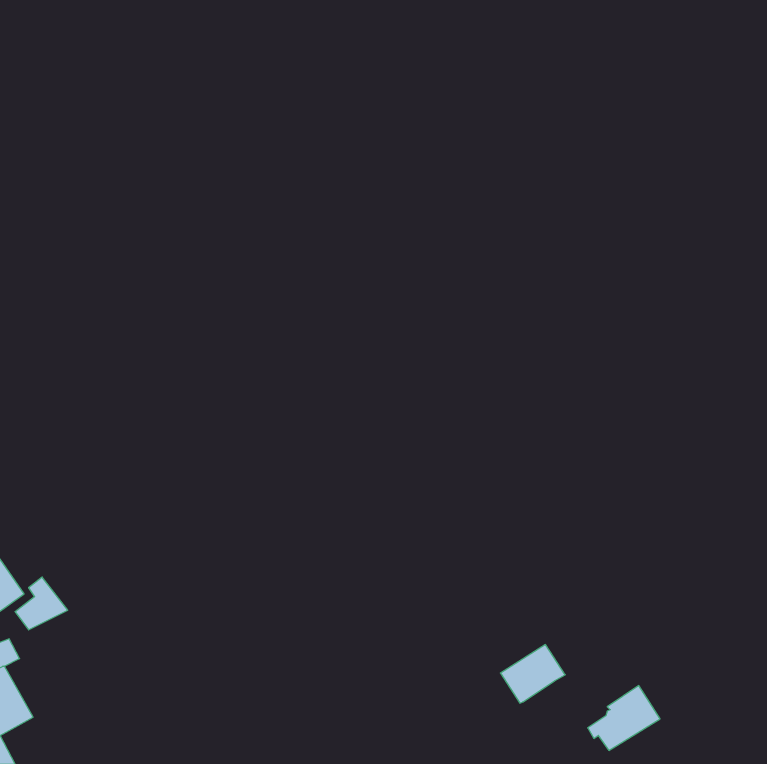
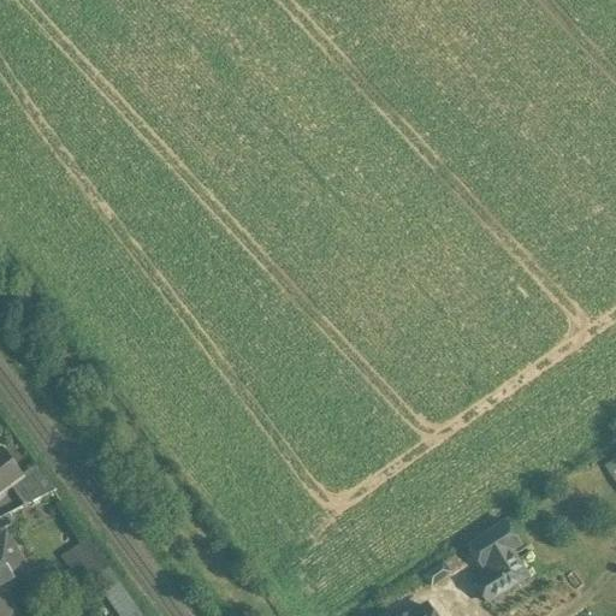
building: [500,645,565,703] -> [467,519,519,565]

